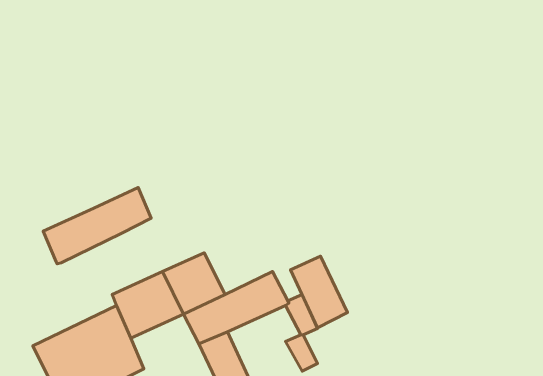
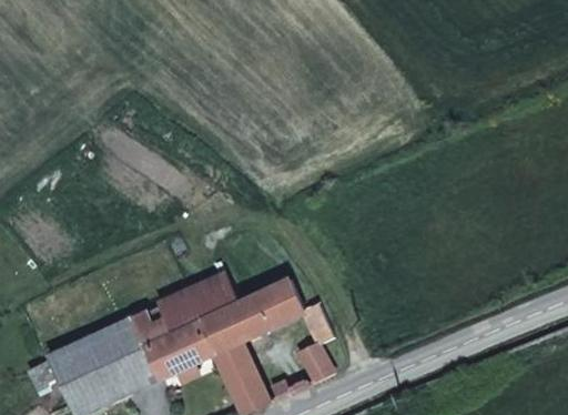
building: [43,188,151,264] -> none
building: [291,256,347,328] -> none
building: none -> [145,324,214,379]

